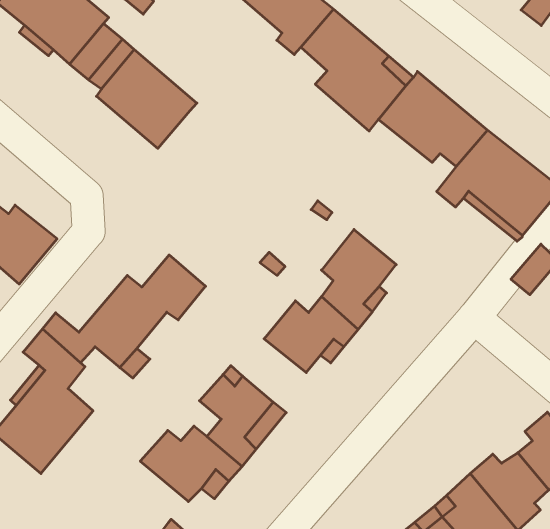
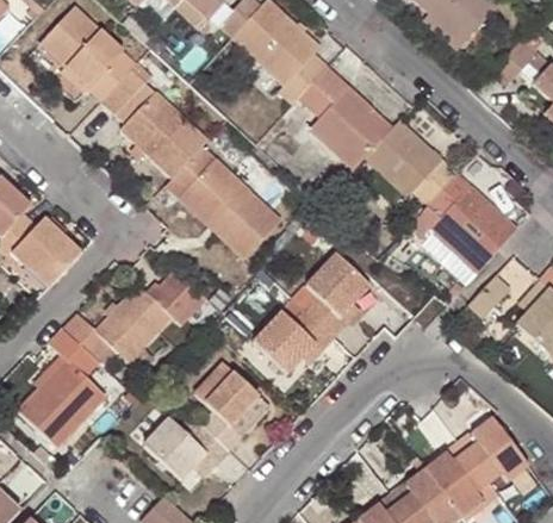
building: none -> [164,144,282,259]

